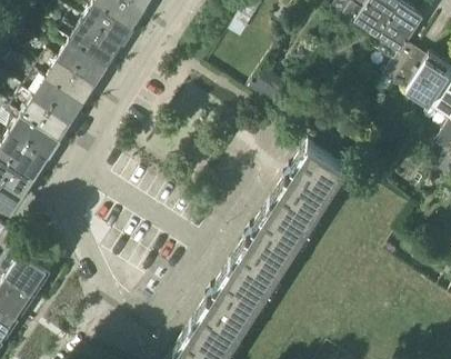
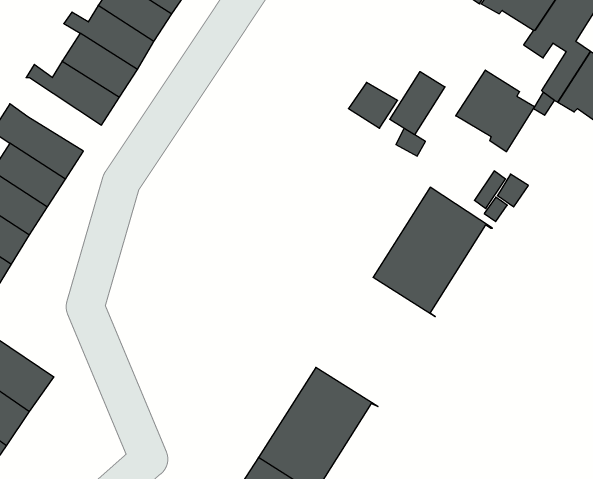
building: none -> [456,70,535,152]
building: none -> [390,72,445,135]
building: [23,68,86,118] -> none
building: [231,203,312,291] -> none

